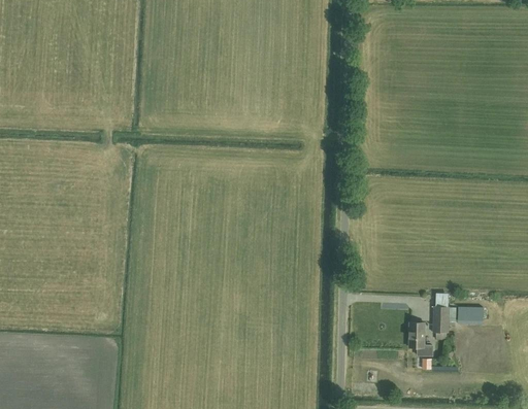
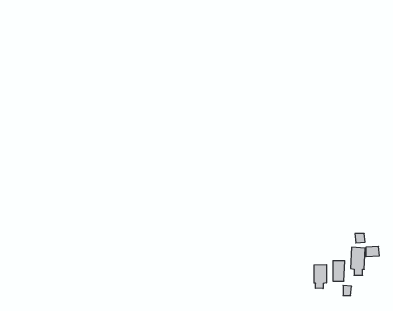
building: none -> [314,265,326,289]

